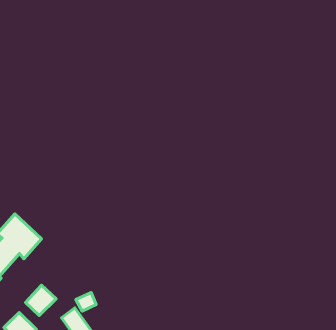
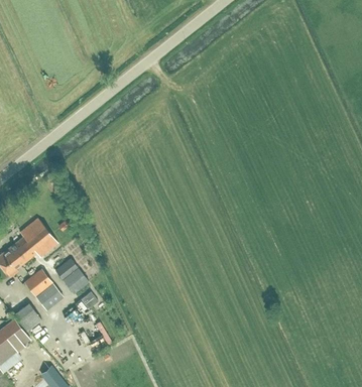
building: none -> [56,258,92,296]
building: none -> [25,269,52,295]

